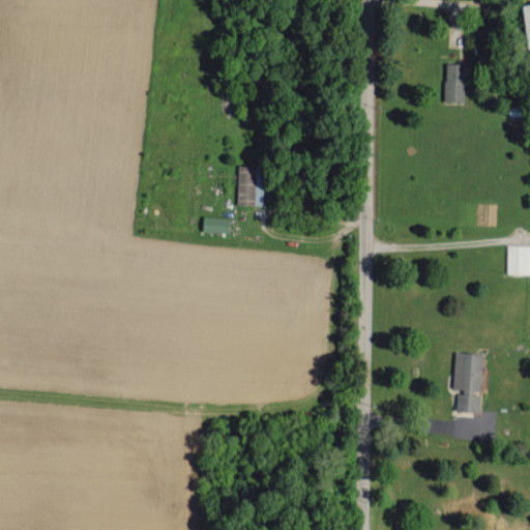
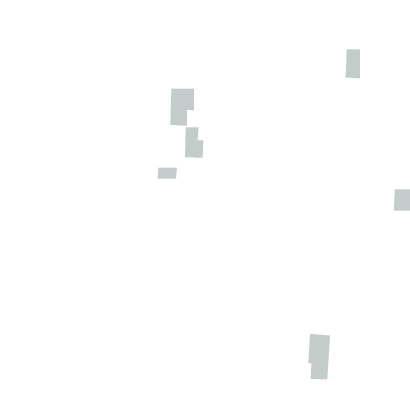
building: none -> [170,88,195,127]
building: [453,353,483,413] -> [307,333,331,380]

